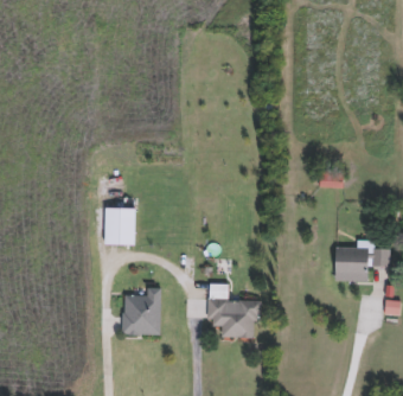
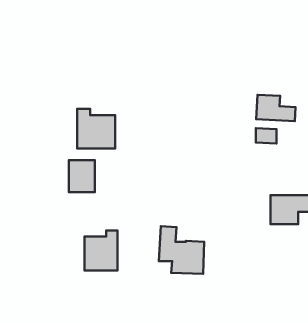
building: none -> [256,95,296,121]
building: none -> [77,109,115,148]

